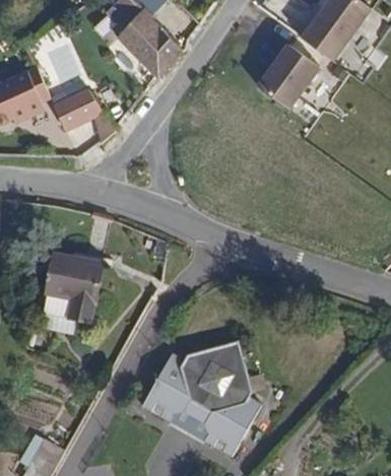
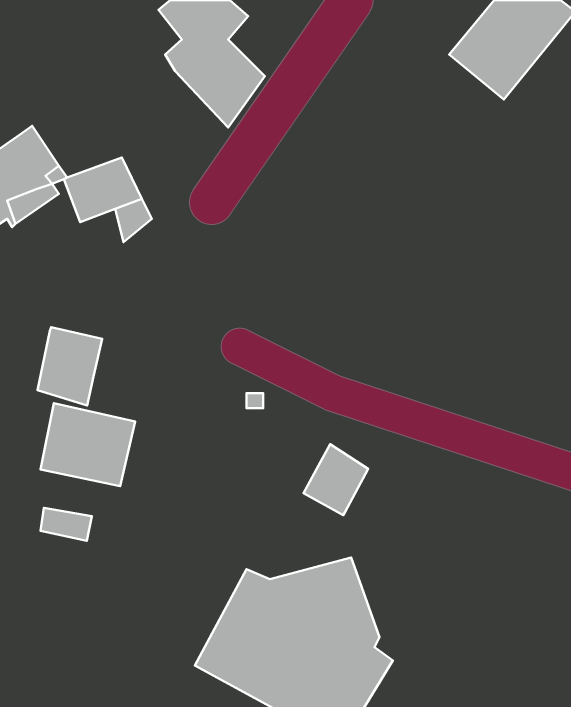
building: [256,44,319,109] -> none
building: none -> [38,327,102,405]
building: none -> [303,444,368,515]

